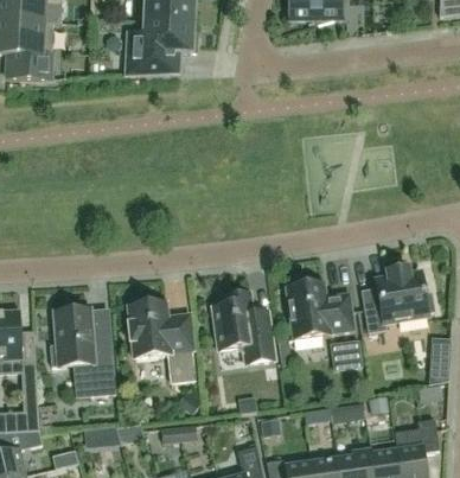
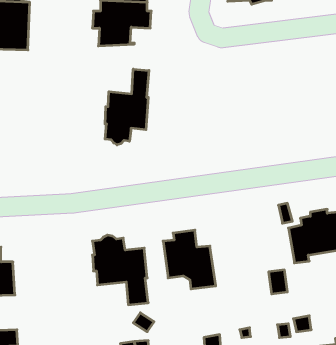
building: none -> [105,69,149,145]
building: [287,281,353,338] -> none
building: [50,307,115,395] -> none

